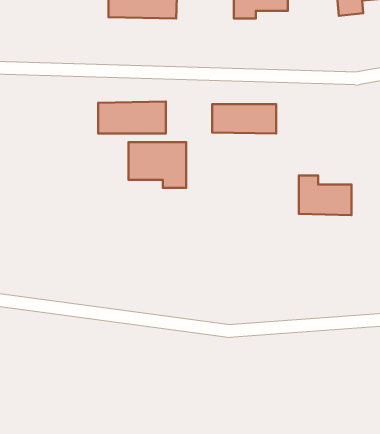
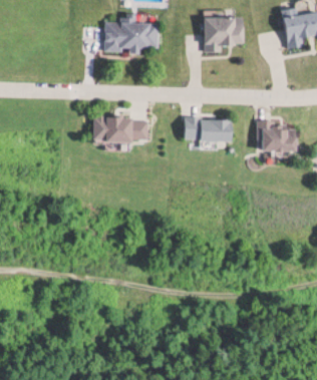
building: [129,142,186,188] -> none
building: [299,176,351,215] -> [258,121,299,152]

